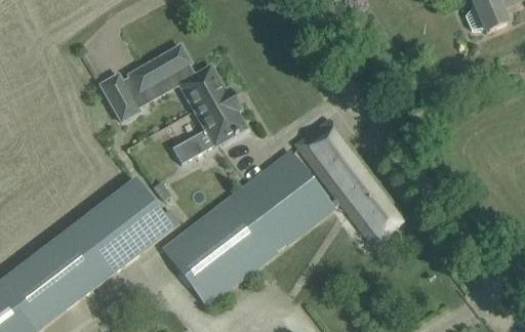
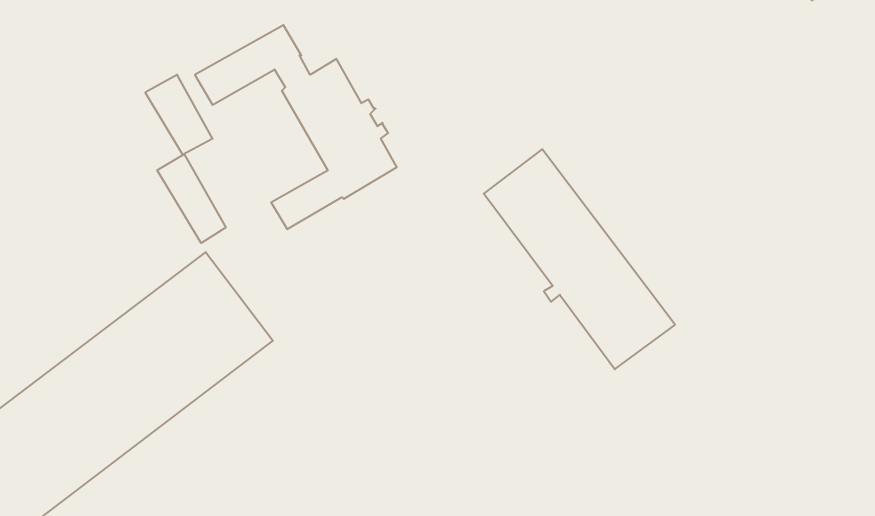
building: none -> [157,154,226,243]
building: [164,153,333,305] -> none

